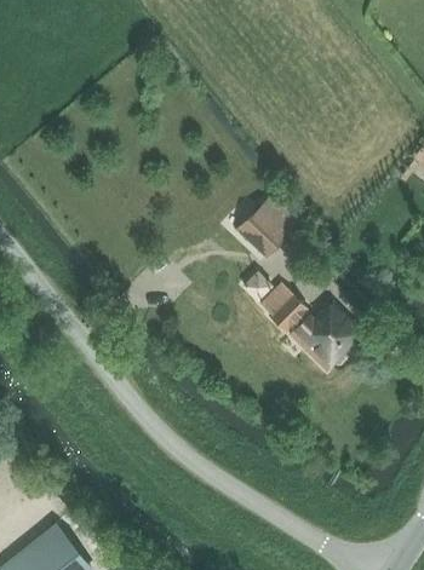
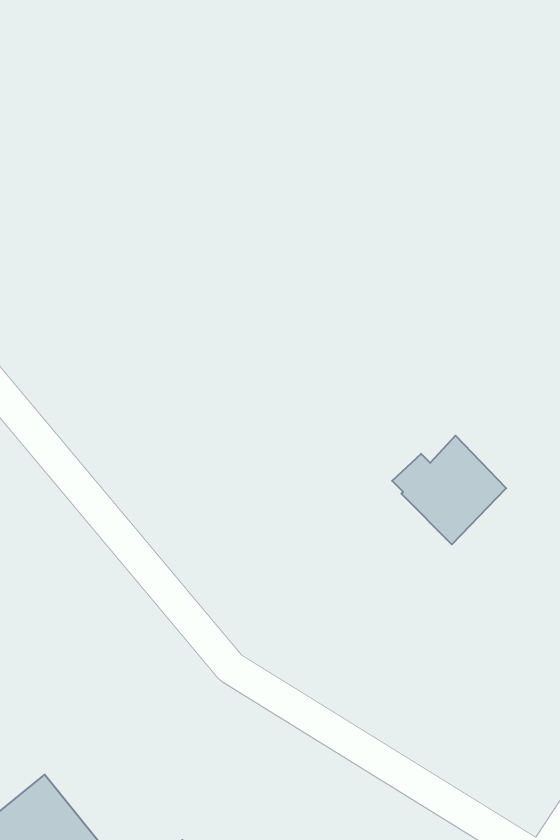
building: [235,195,297,258] -> none
building: [263,283,308,328] -> none

